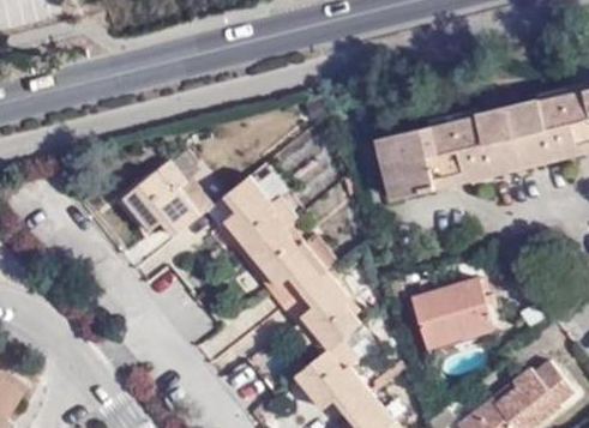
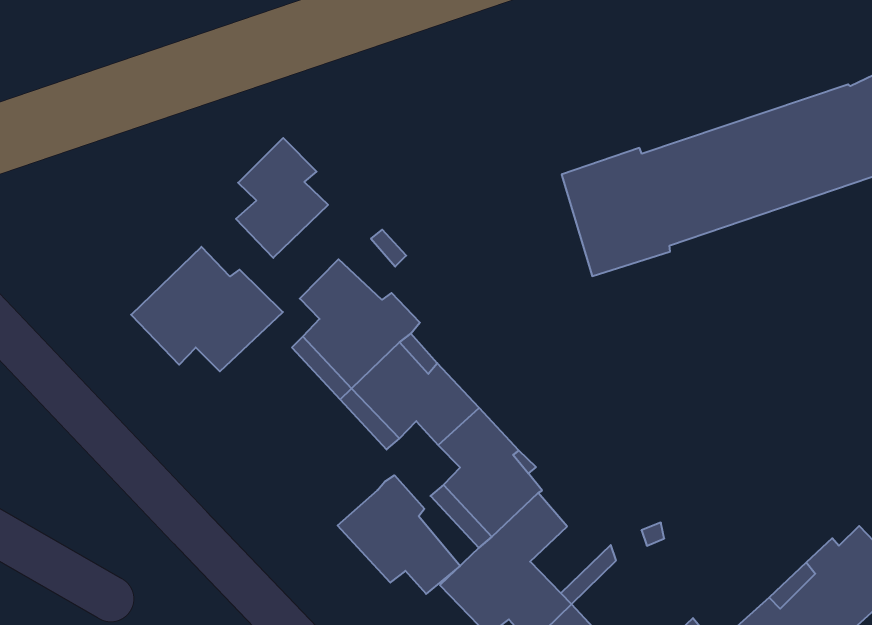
building: none -> [236,138,328,258]
building: [411,276,493,343] -> none
building: none -> [338,475,460,594]

